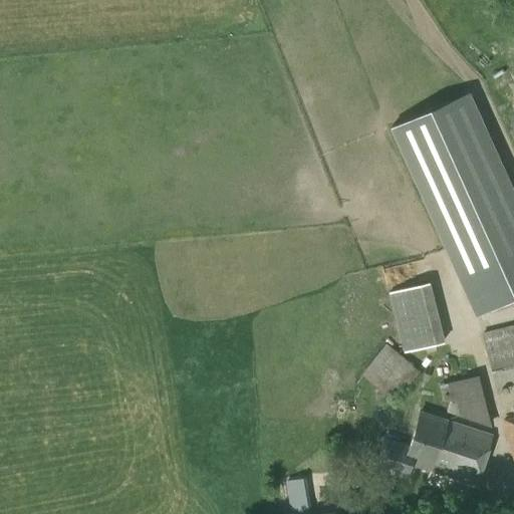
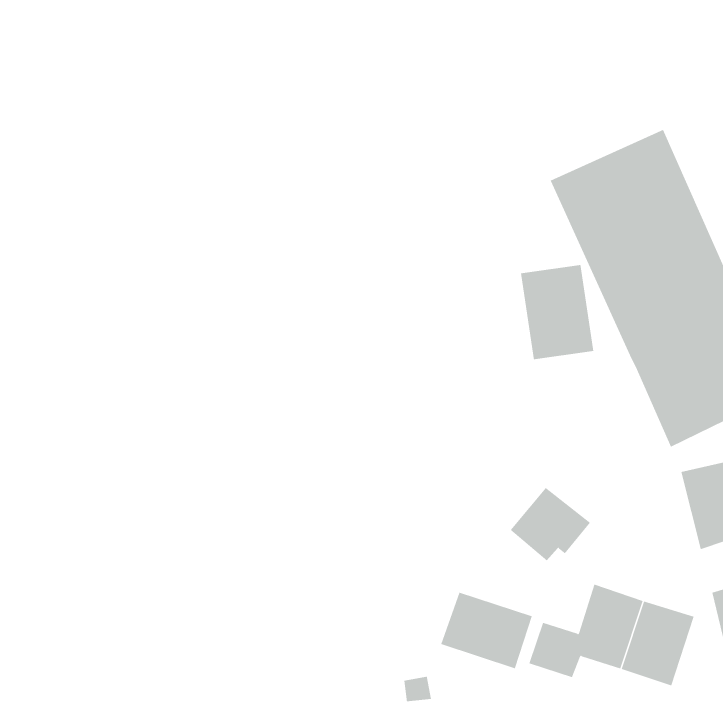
building: [394,283,446,350] -> [520,265,594,360]
building: [441,374,496,427] -> none
building: none -> [441,592,533,669]

